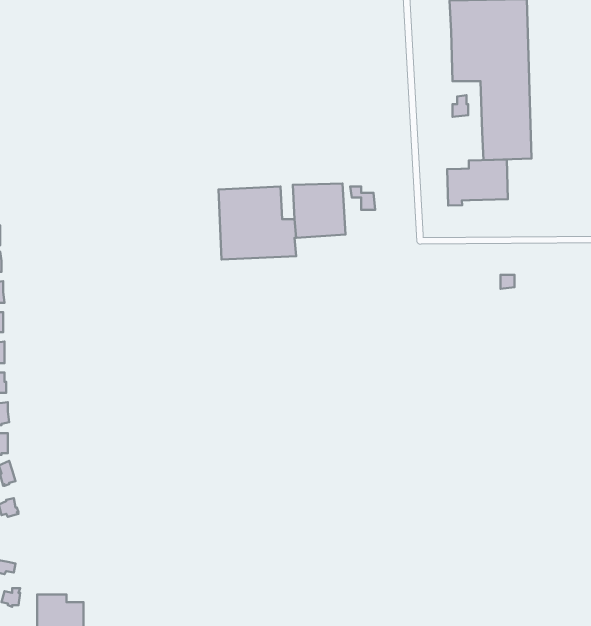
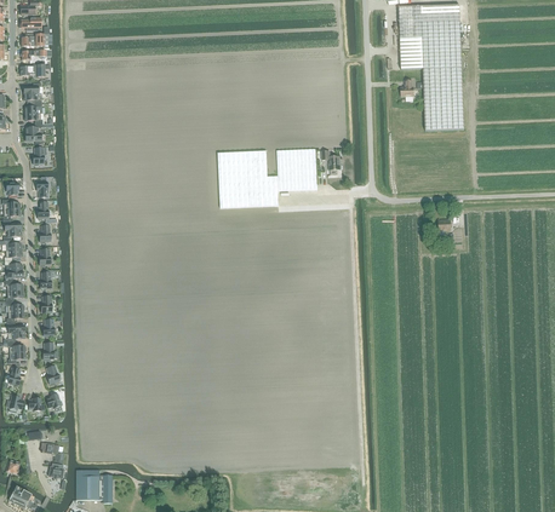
building: [447,159,508,206] -> none

